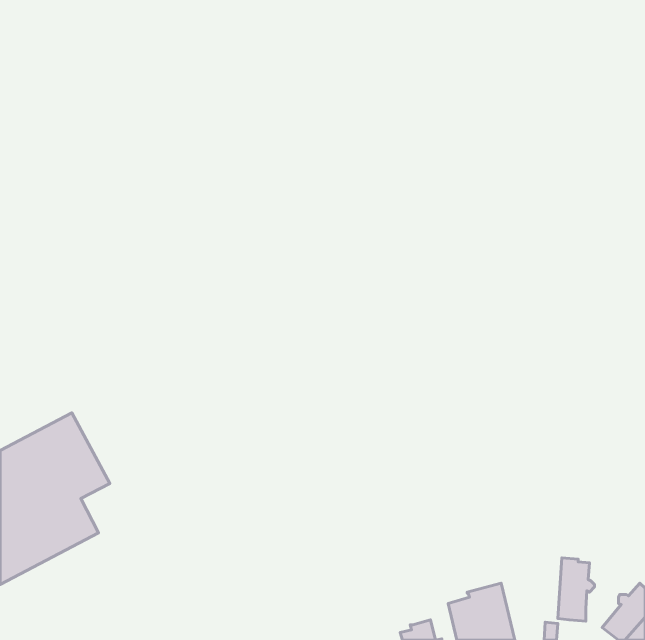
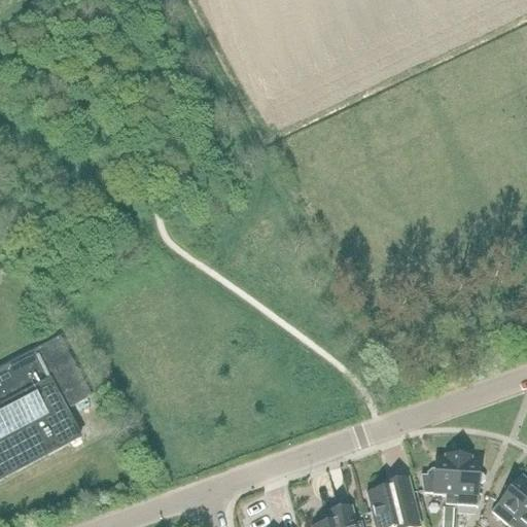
building: none -> [421,454,458,504]

